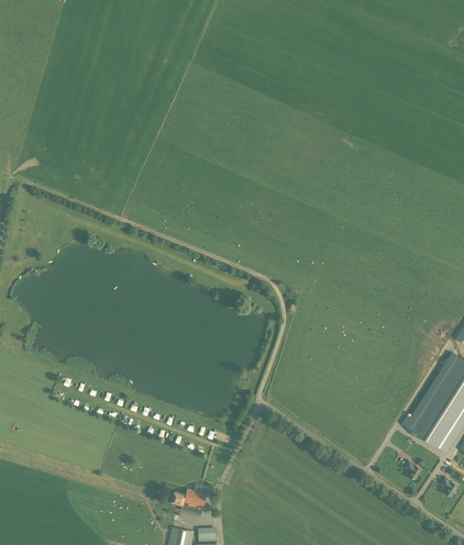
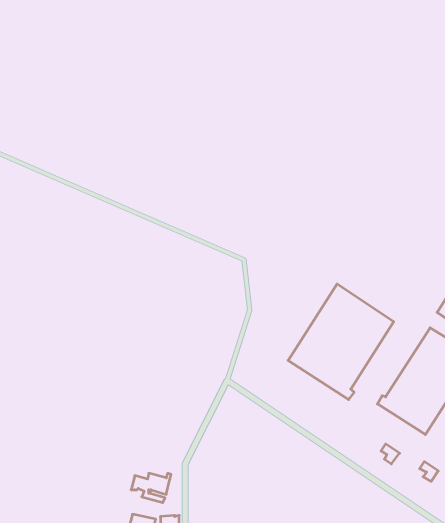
building: none -> [288,284,394,400]

